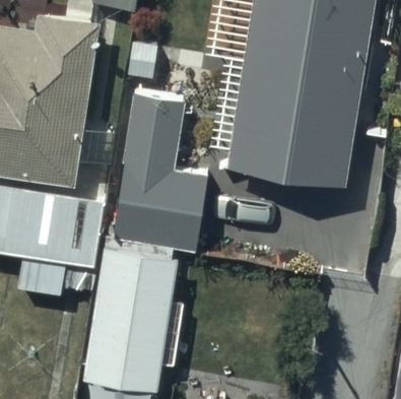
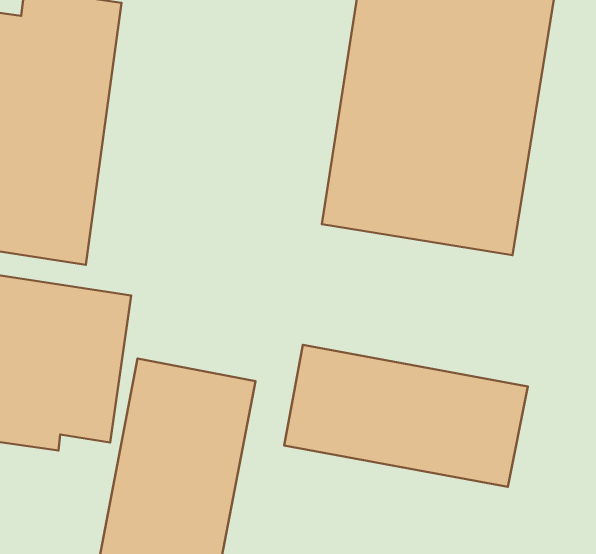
building: [110,91,205,249] -> none
building: none -> [284,345,528,487]

